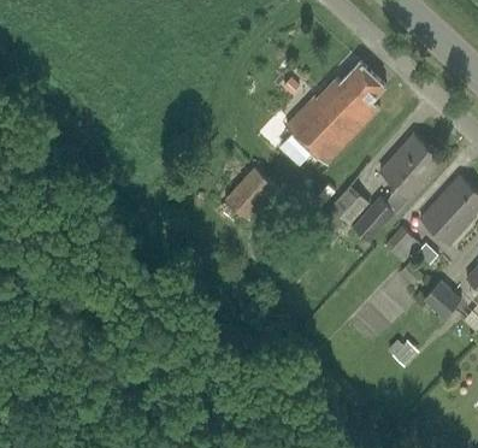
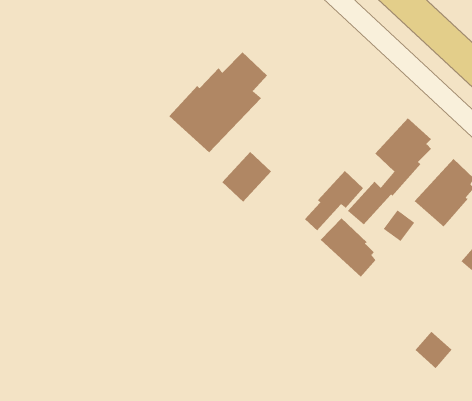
building: [285,63,385,165] -> [169,52,268,153]
building: none -> [320,217,376,278]
building: [421,282,460,320] -> [414,331,453,369]

